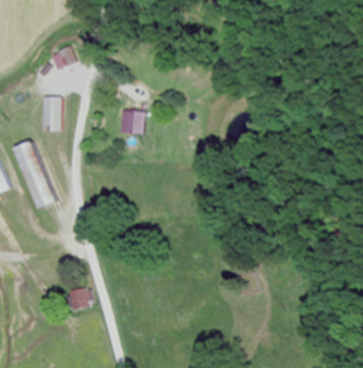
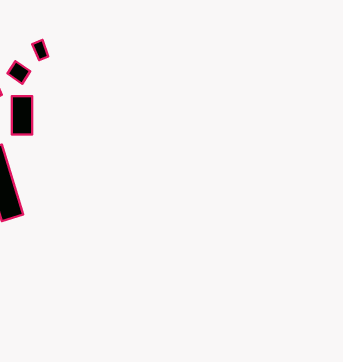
building: [123,109,147,134] -> none
building: [65,285,90,310] -> none

